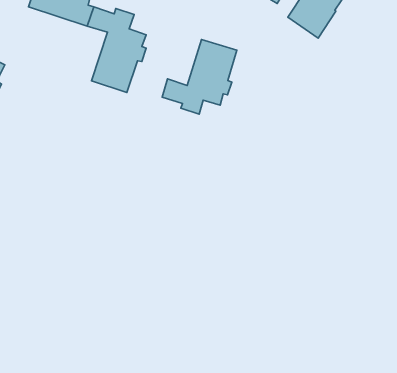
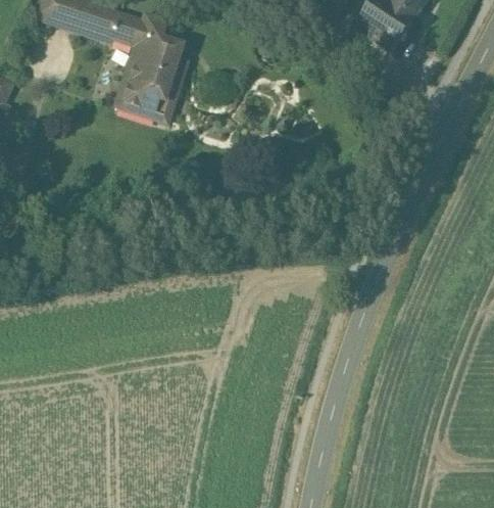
building: [162,39,237,114] -> none

